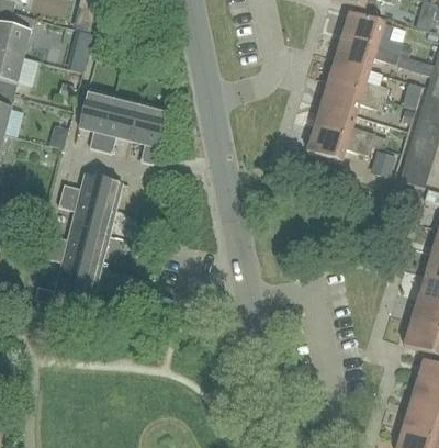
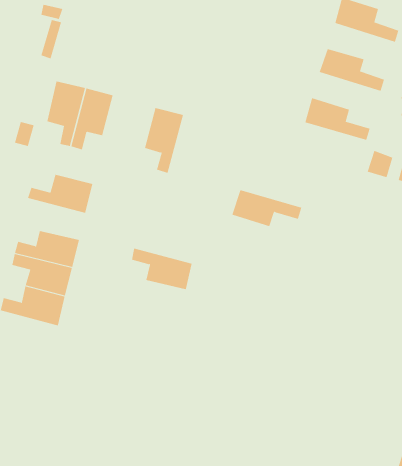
building: [335,35,397,68] -> none
building: [320,80,384,114] -> none
building: [130,101,166,161] -> [144,108,184,173]
building: [306,126,371,160] -> [231,190,302,227]
building: [58,195,114,234] -> [131,248,192,290]

